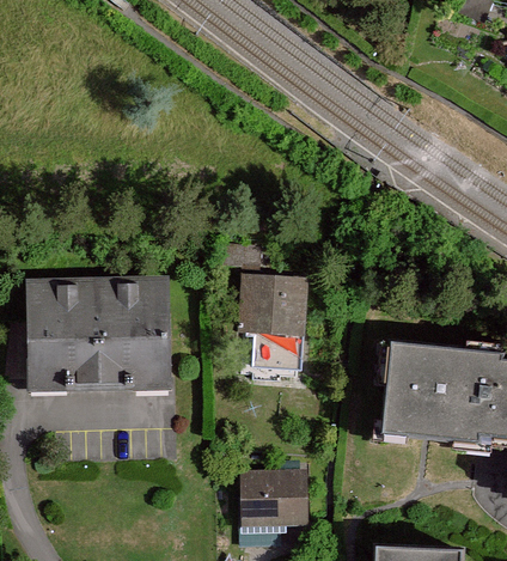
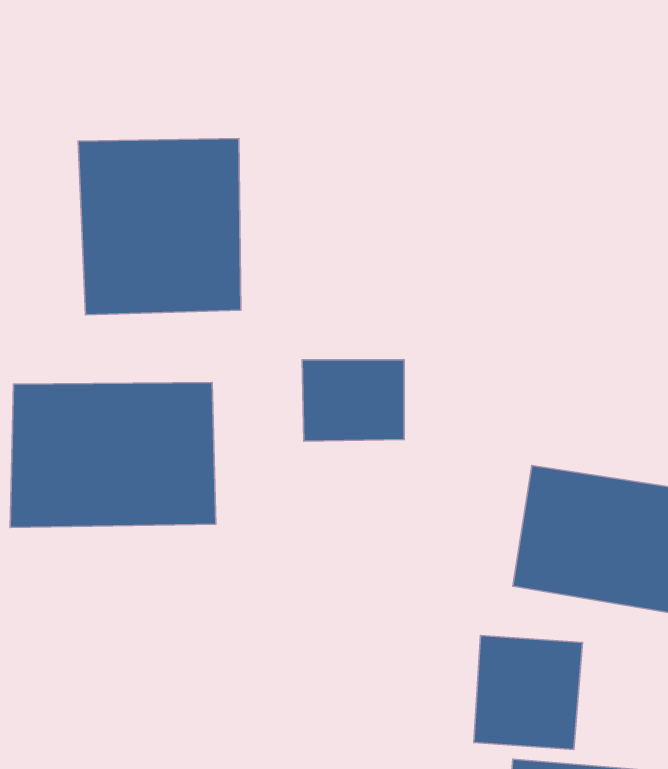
building: none -> [78,139,241,315]
building: [233,455,309,533] -> [474,635,583,749]

